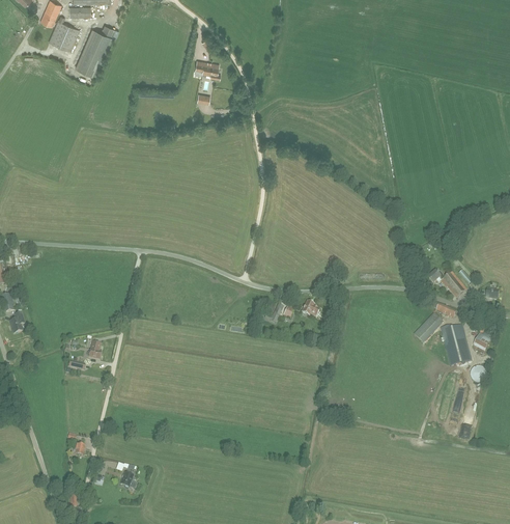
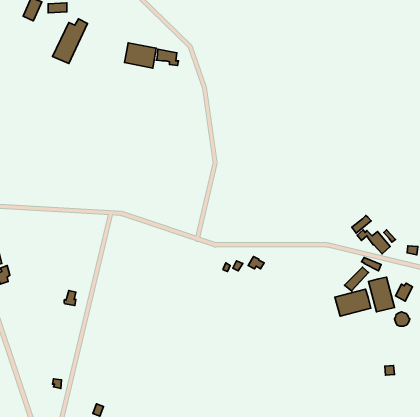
building: [50,16,79,50] -> none
building: none -> [125,43,156,68]
building: none -> [335,289,371,316]

